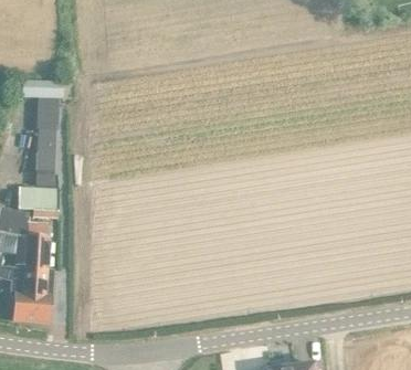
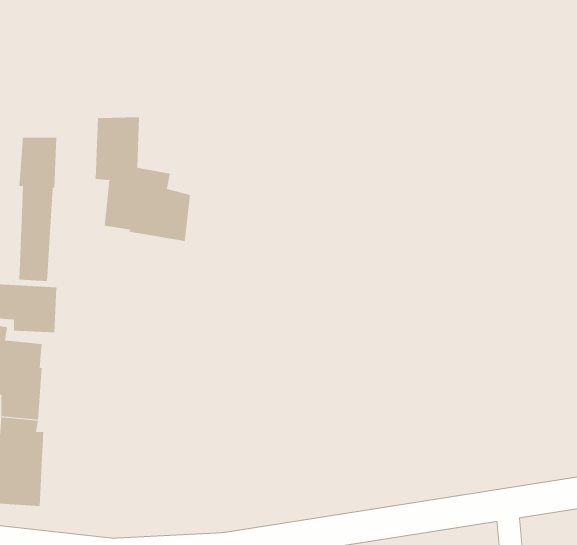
building: none -> [95,116,190,242]

